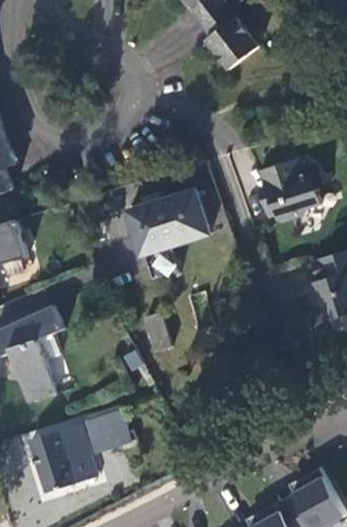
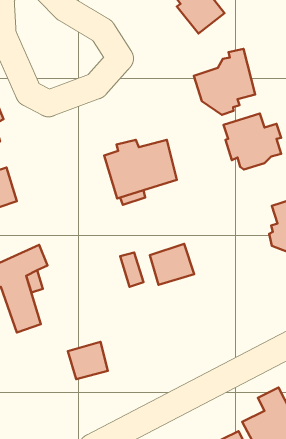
building: none -> [194,49,255,115]
building: none -> [150,244,194,285]
building: [30,425,95,490] -> none

